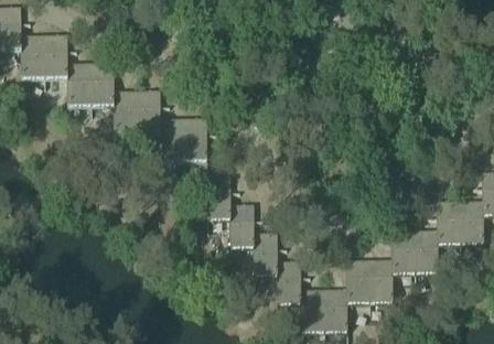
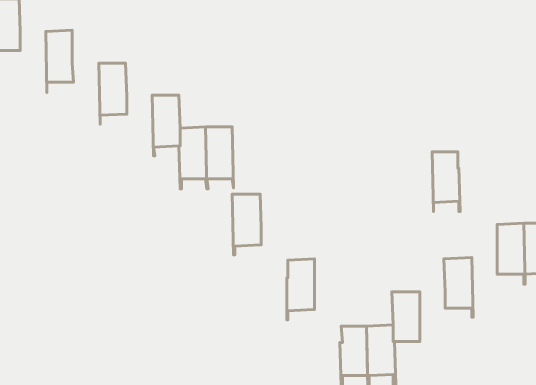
building: [20,34,44,87] -> none
building: [66,62,90,116] -> none
building: [112,89,137,143] -> none
building: [229,203,254,257] -> none
building: [414,230,438,282] -> [432,152,460,211]
building: [276,260,301,313] -> none
building: [368,260,393,312] -> none

